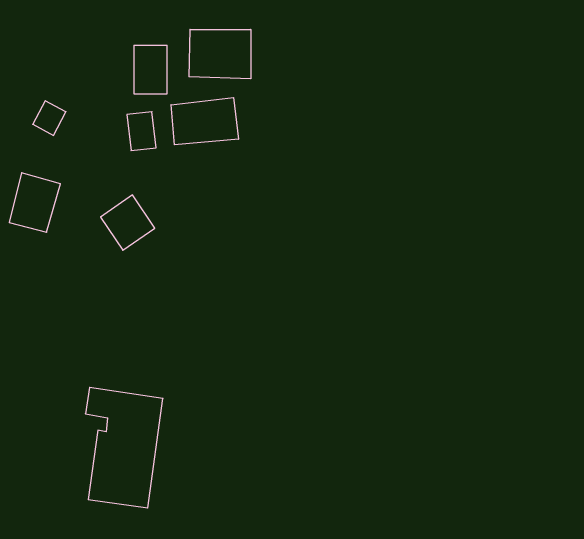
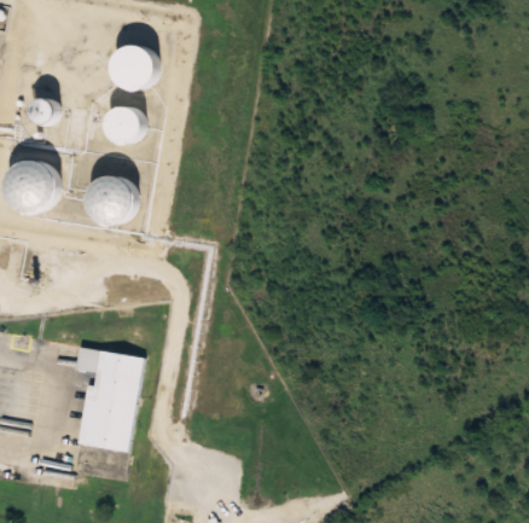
building: [189,29,251,79] -> none
building: [171,98,238,145] -> none

